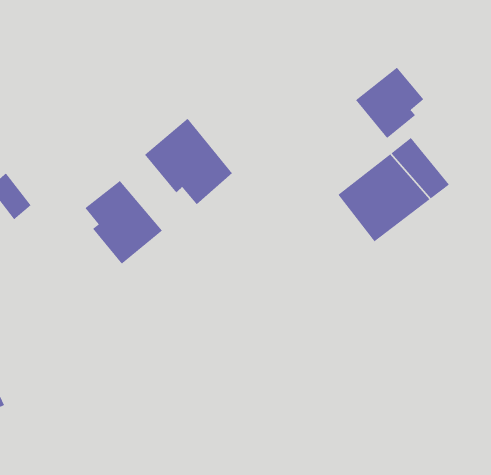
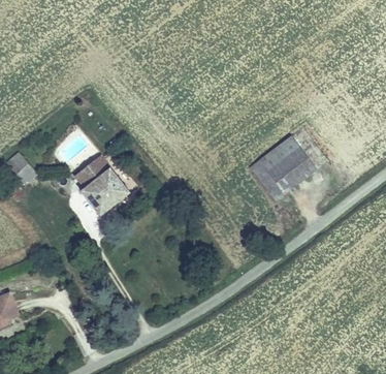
building: [355,67,424,139] -> none
building: [144,118,233,205] -> none

